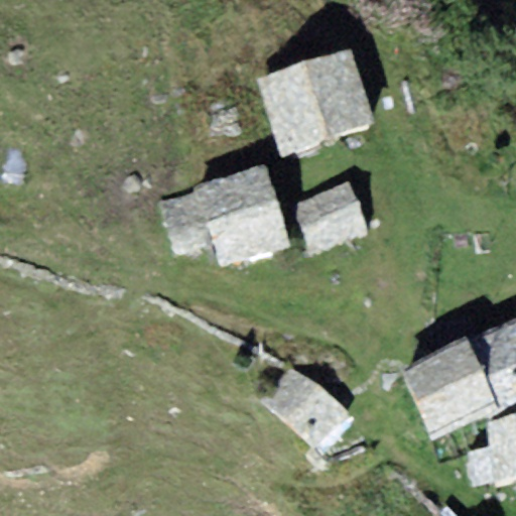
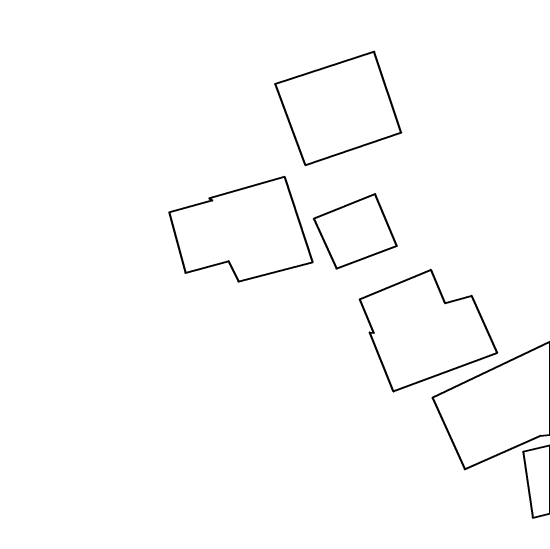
building: none -> [360,270,497,392]
building: [261,364,350,447] -> none

